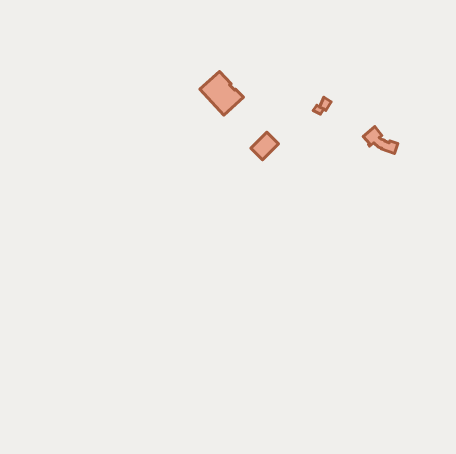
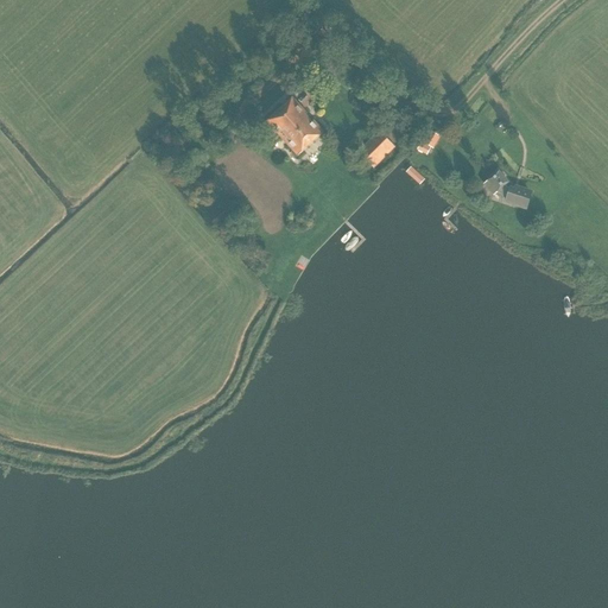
building: [251,132,279,160] -> [357,129,394,166]

